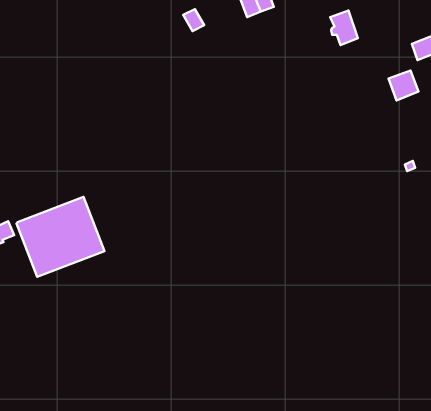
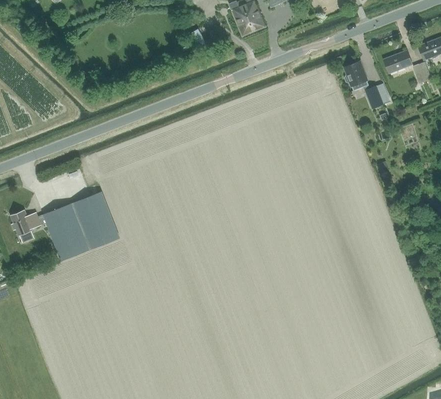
building: [330,10,358,45] -> [344,60,368,90]

